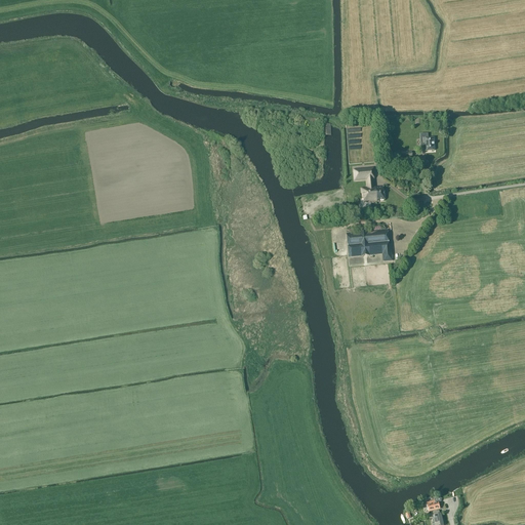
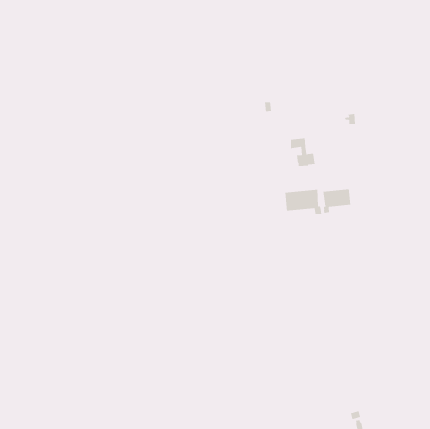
building: none -> [323,189,351,214]

